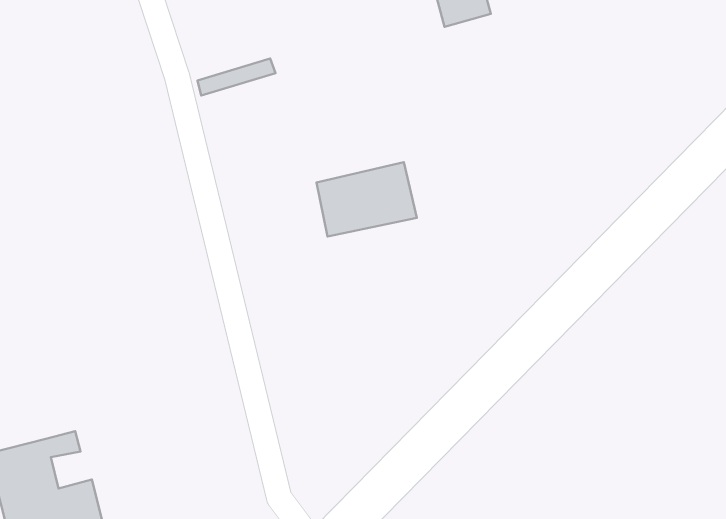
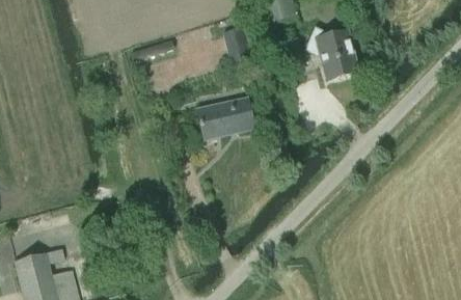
building: none -> [222,26,252,63]
building: none -> [306,27,358,79]

